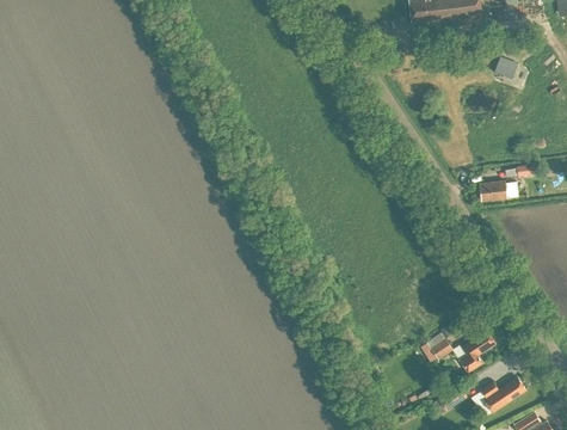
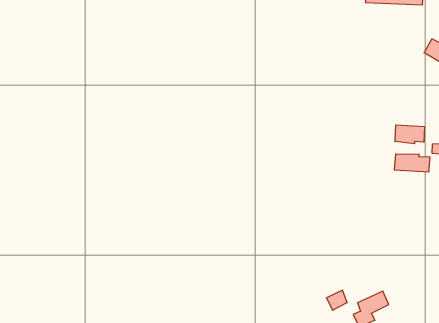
building: none -> [395,125,424,144]

